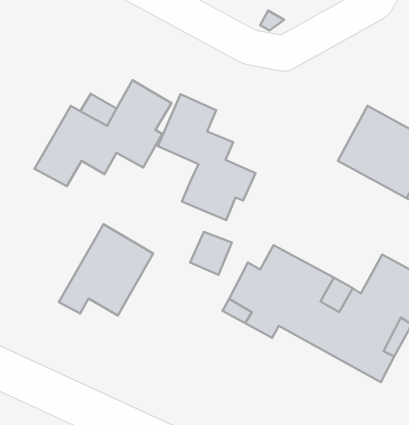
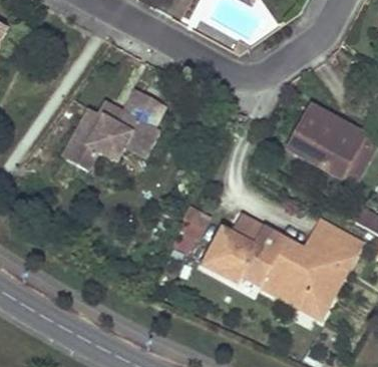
building: [158,94,255,220] -> none
building: [59,224,153,316] -> none

